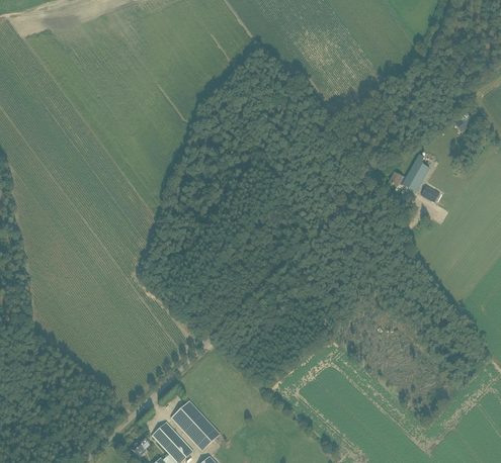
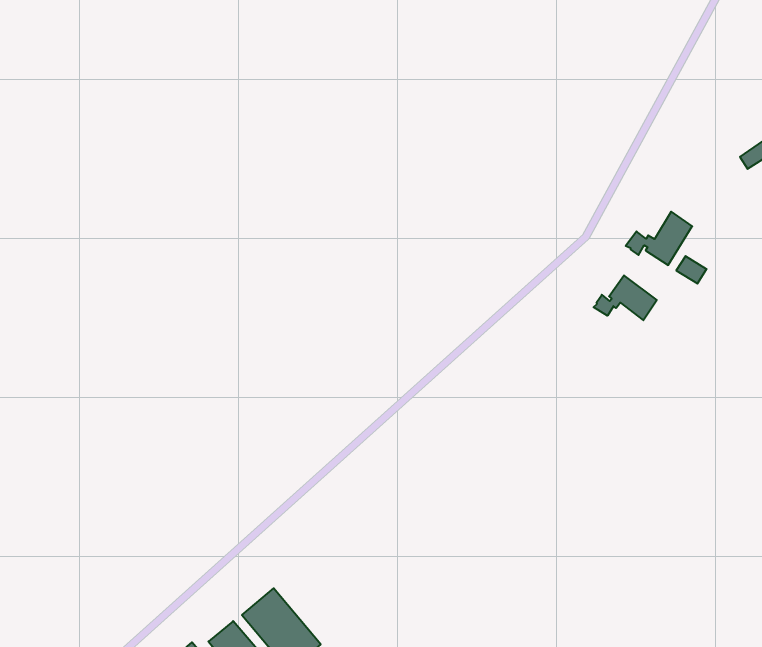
building: none -> [594,275,657,320]

